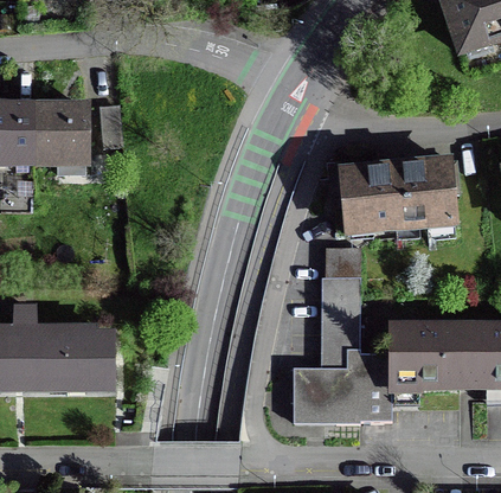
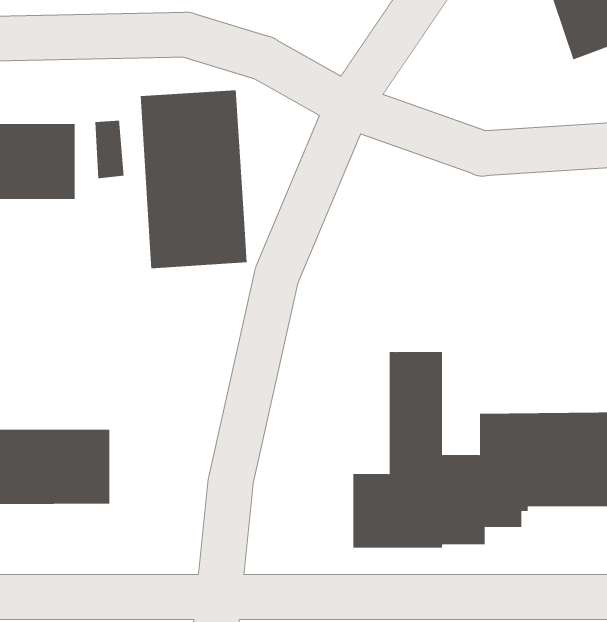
building: none -> [140,90,247,269]
building: [338,154,462,237] -> none
building: [326,245,361,275] -> none

